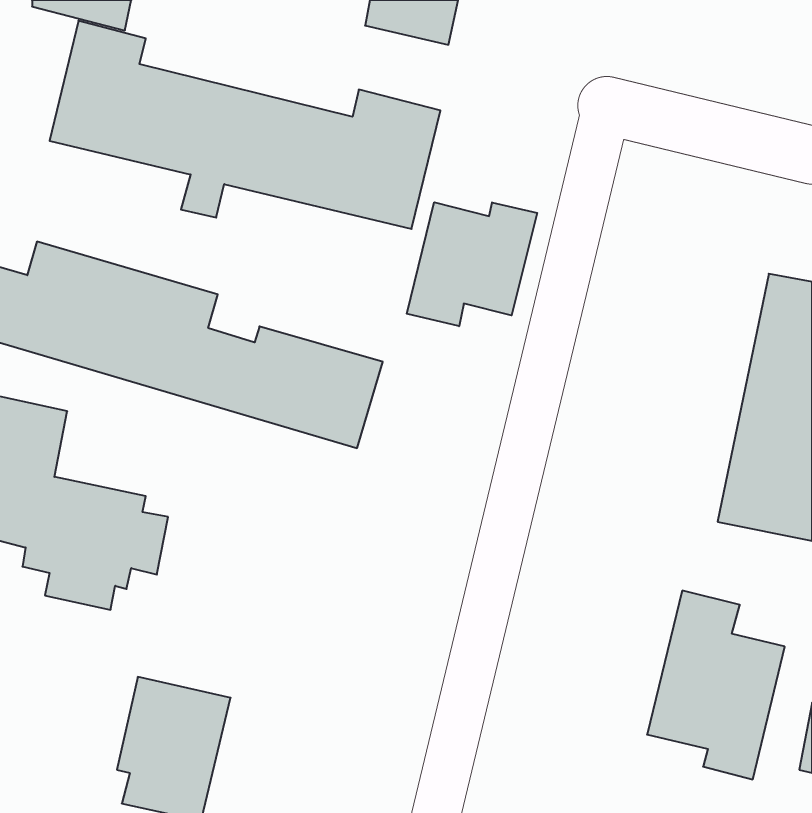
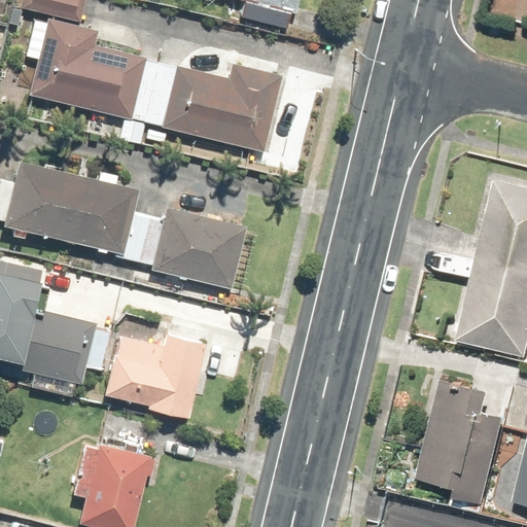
building: [407,202,537,326] -> none
building: none -> [106,329,208,419]

